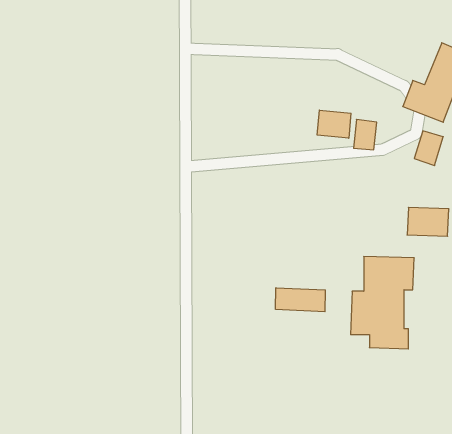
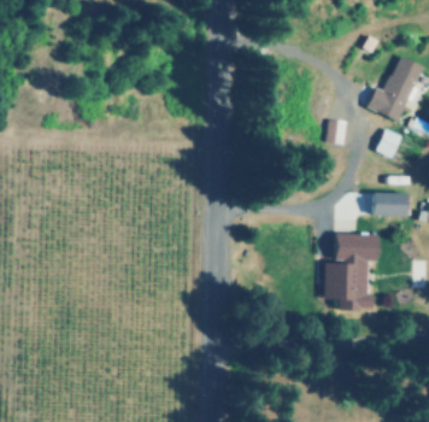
building: [317,110,351,138] -> none
building: [276,288,325,312] -> none

